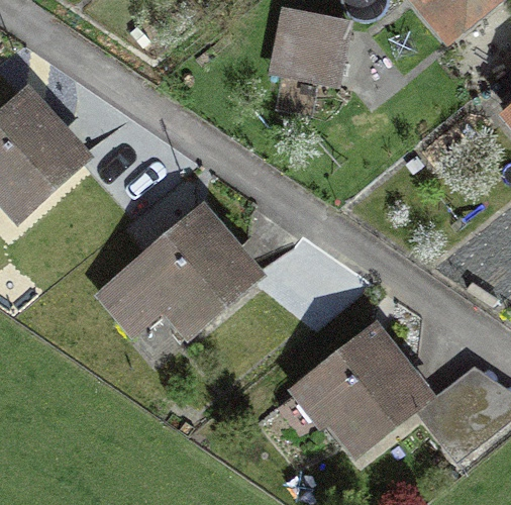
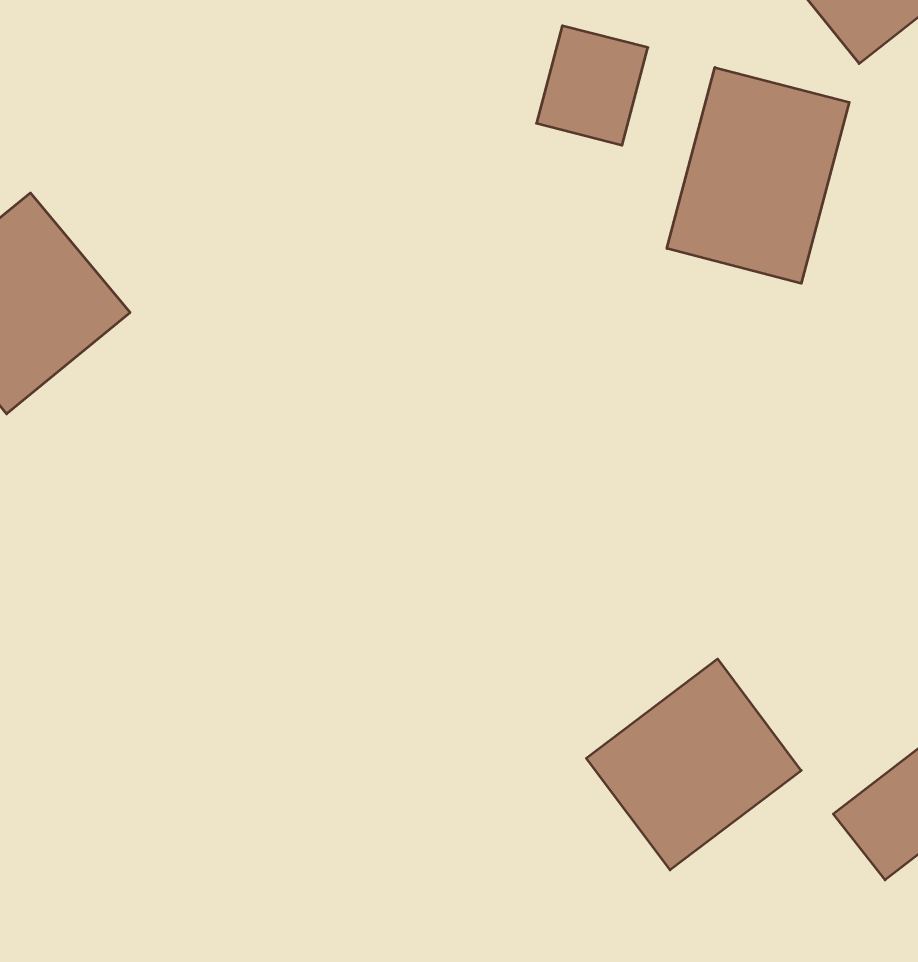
building: none -> [667,67,849,283]
building: [111,224,249,333] -> none

